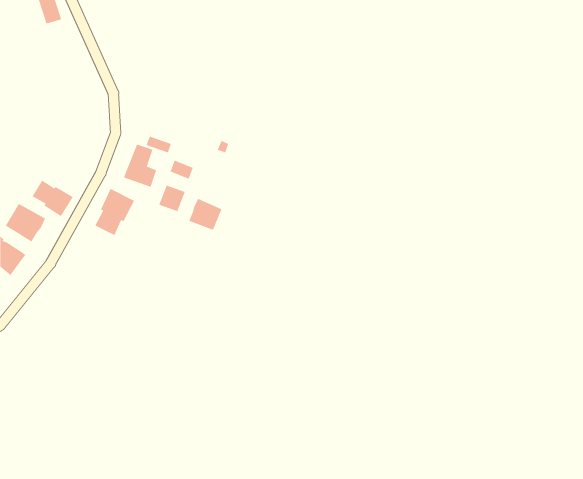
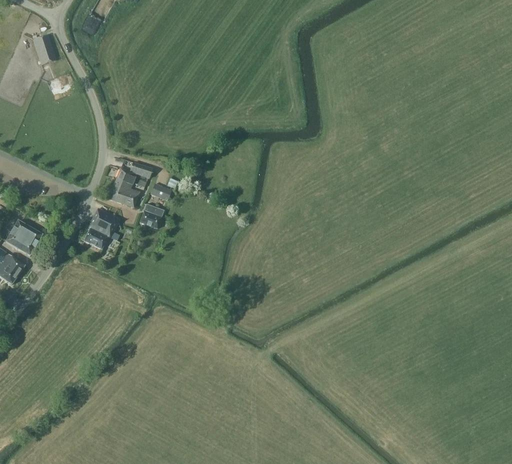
building: [32,180,74,217] -> none
building: [188,198,222,231] -> none

